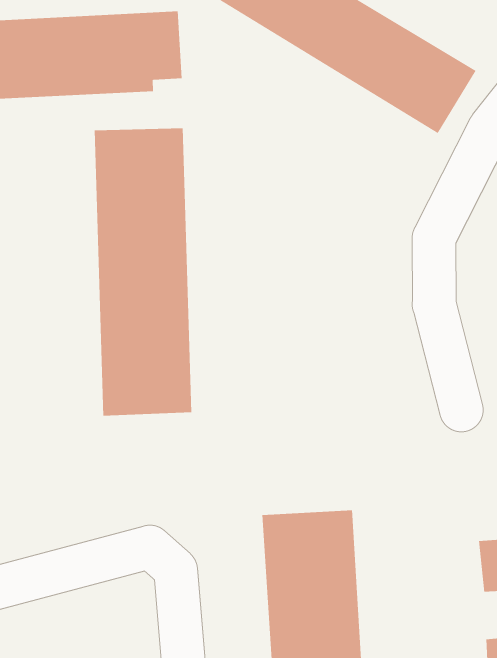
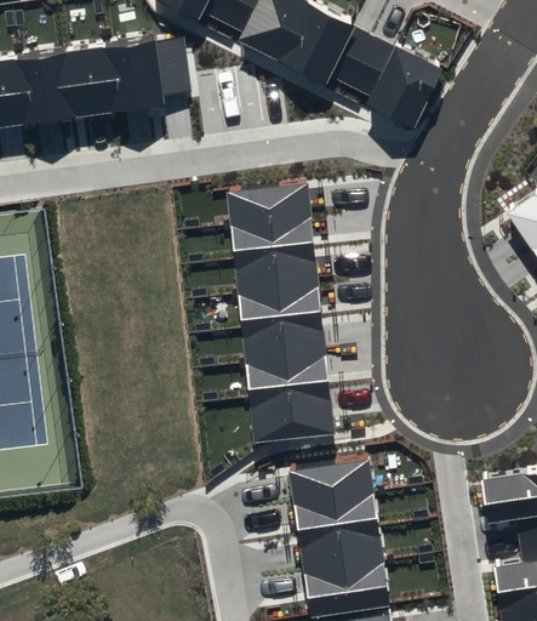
building: [94,128,192,416] -> [228,187,335,446]

